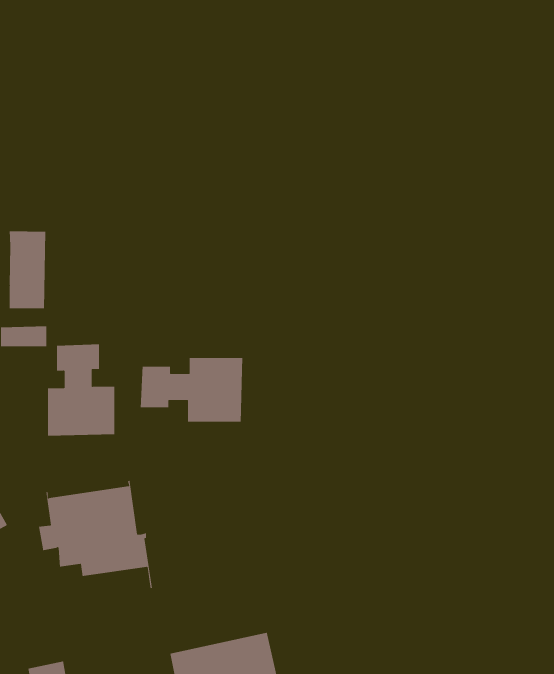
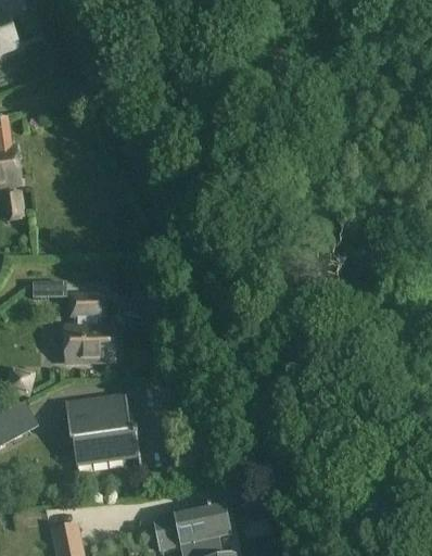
building: [9,230,46,309] -> none
building: [140,357,243,423] -> none

